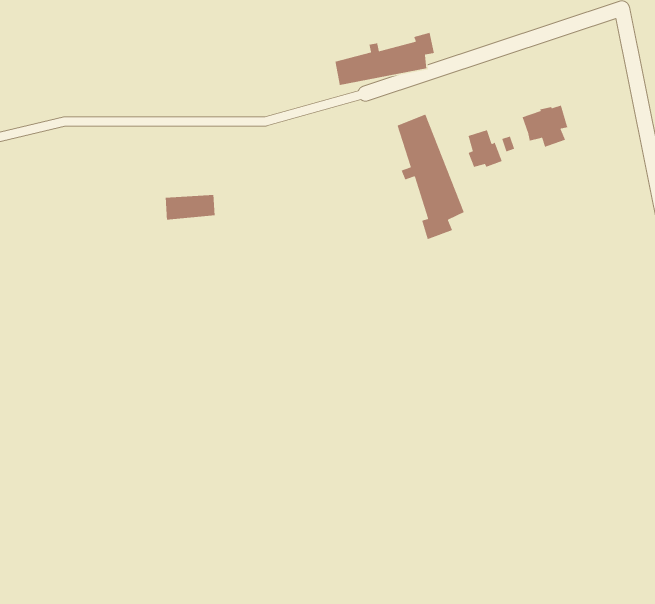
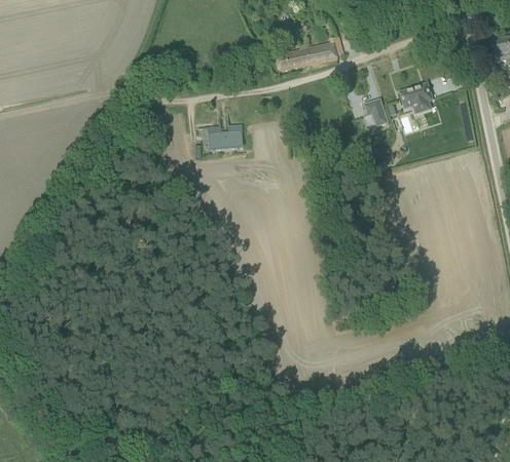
building: [397,114,465,240] -> none
building: [165,194,216,220] -> [209,132,243,150]

